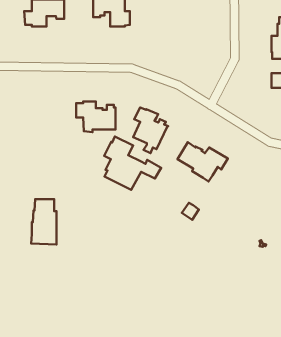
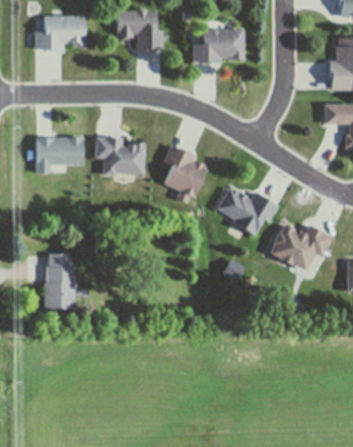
building: none -> [193,28,242,62]
building: none -> [36,137,81,173]
building: [104,136,161,190] -> none
building: none -> [271,226,330,270]

